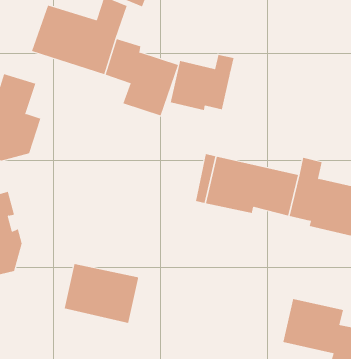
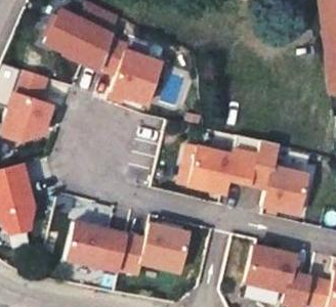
building: [170,54,234,111] -> none
building: none -> [121,226,190,279]

